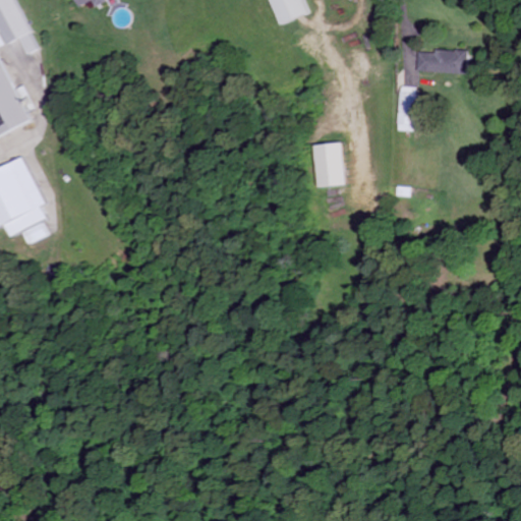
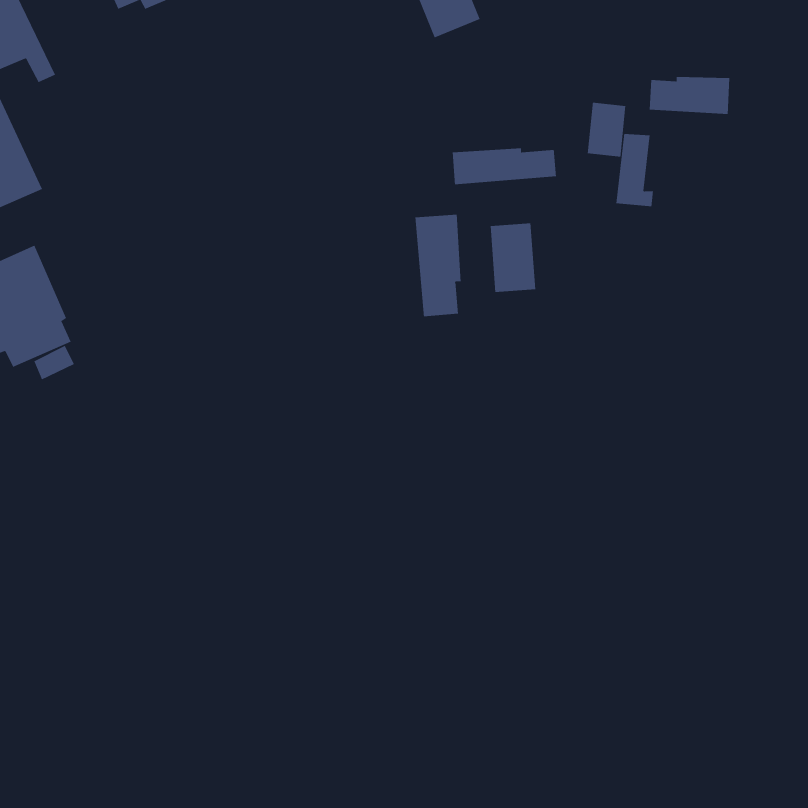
building: none -> [587,102,626,158]
building: none -> [452,147,557,185]
building: none -> [415,214,461,317]

